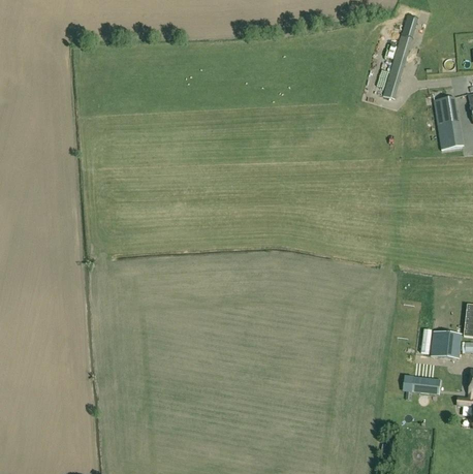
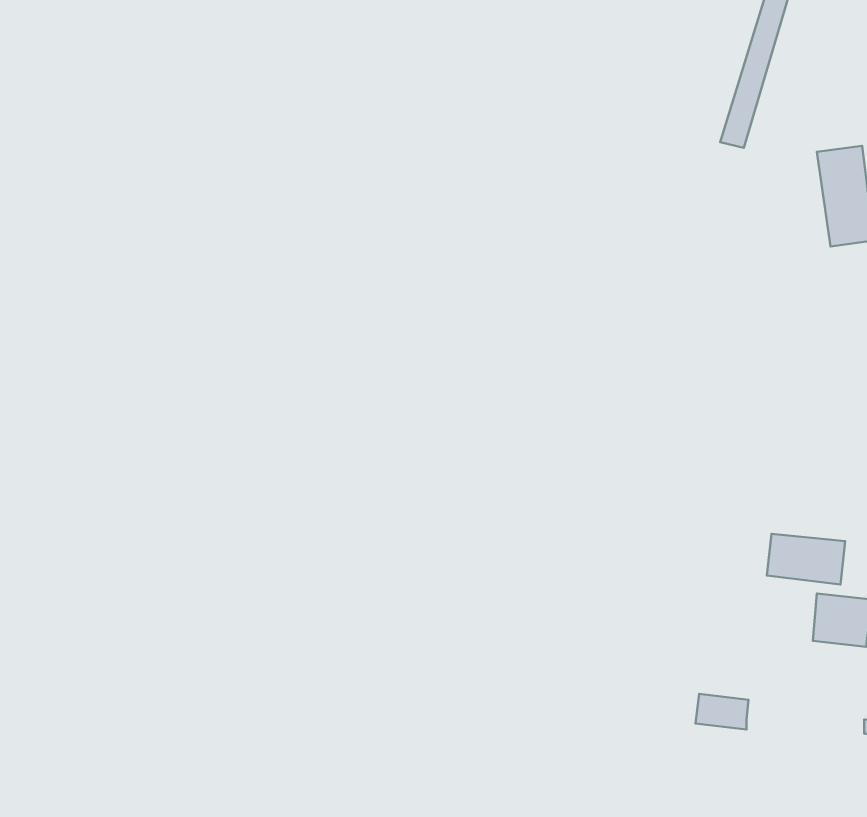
building: none -> [767,534,845,585]
building: [412,375,440,393] -> [695,694,749,729]

